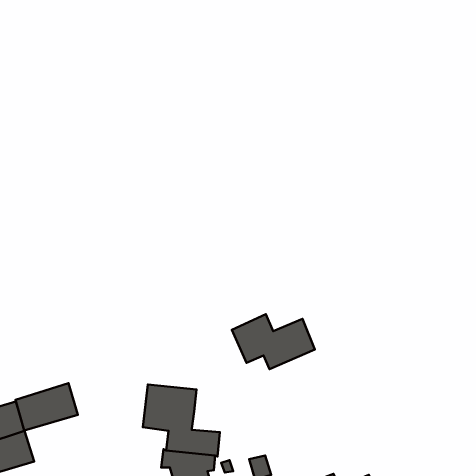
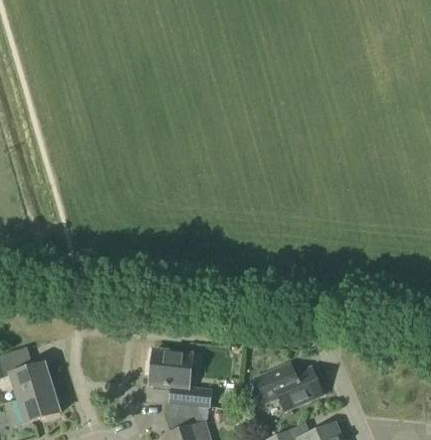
building: [232,314,315,369] -> [253,365,321,410]
building: [16,383,78,430] -> none

